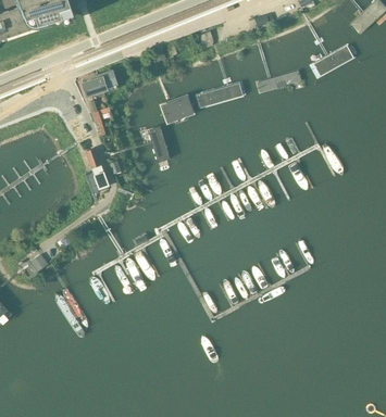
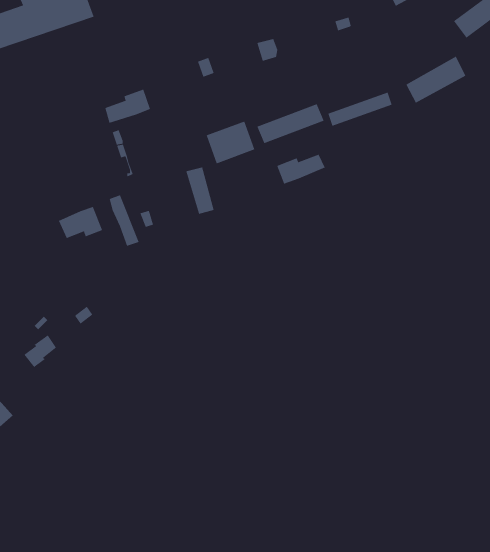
building: none -> [277,154,326,184]
building: none -> [58,206,103,239]

